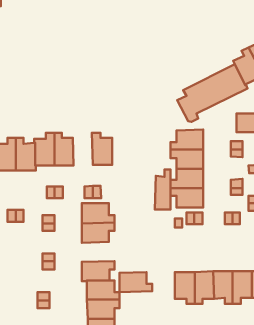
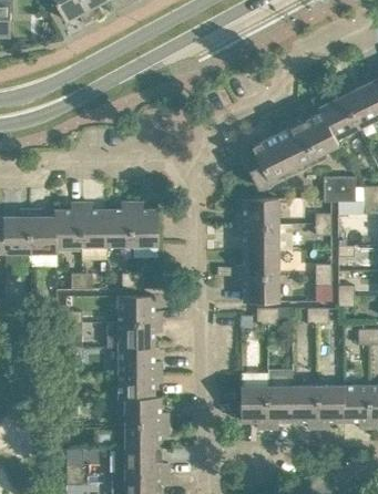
building: none -> [105,203,132,246]
building: [155,169,171,210] -> none
building: [120,272,152,292] -> [118,347,161,373]

